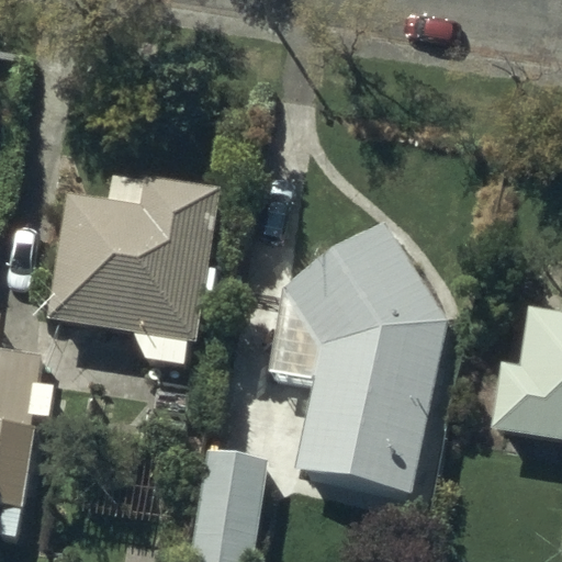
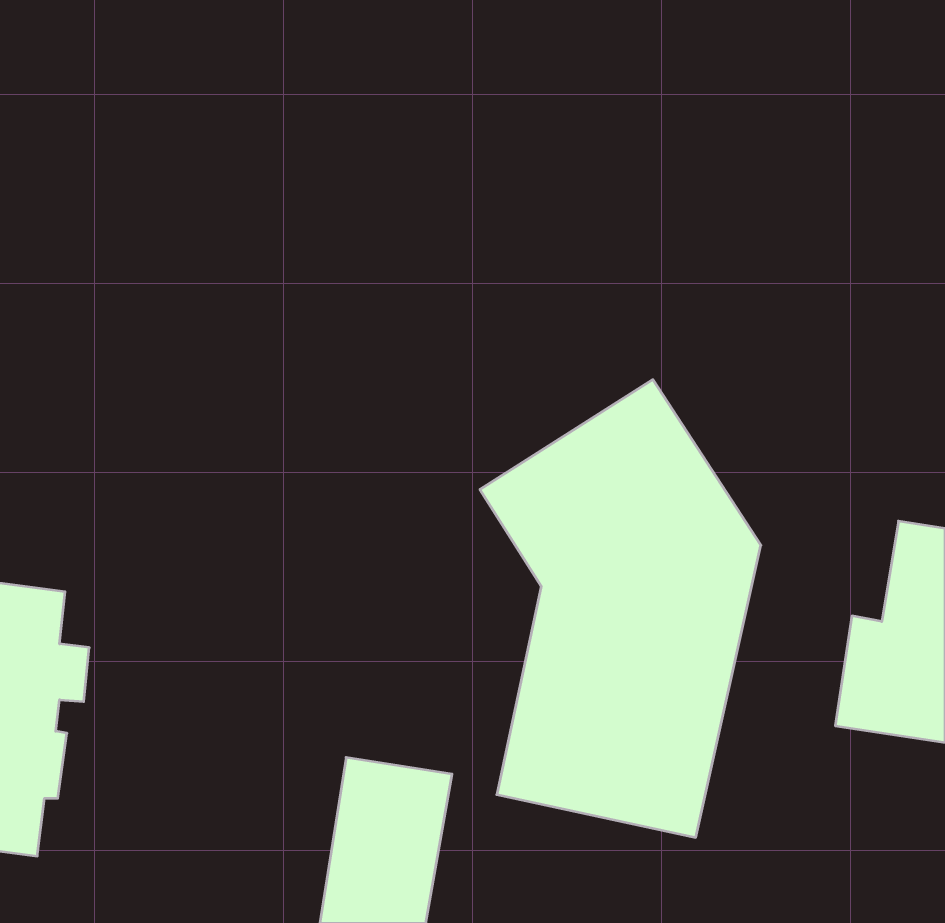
building: [48,177,218,362] -> none

